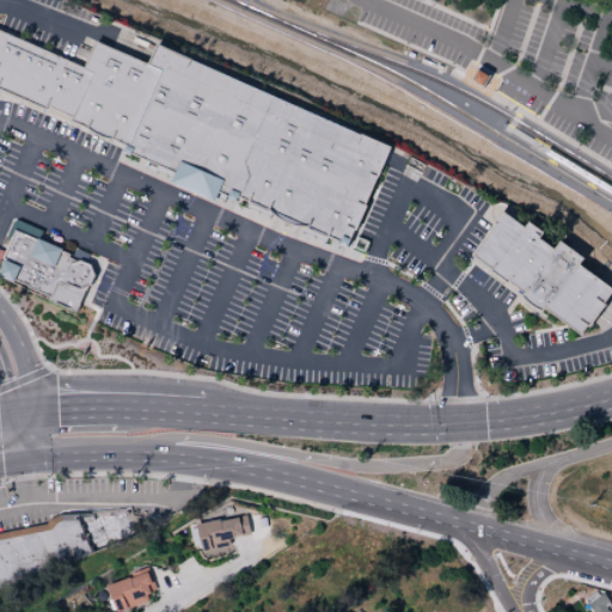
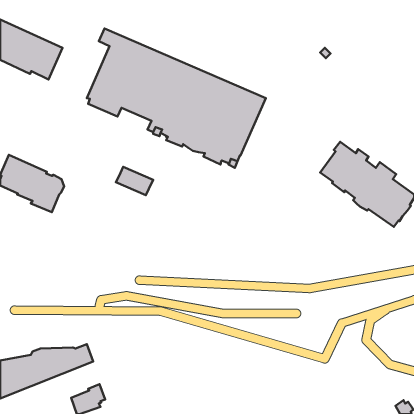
building: [71,37,161,145] -> none
building: [169,159,224,201] -> [116,167,153,195]
building: [196,515,250,551] -> none

